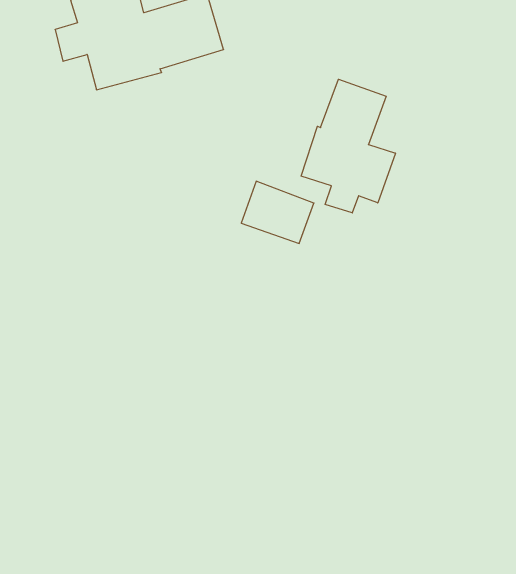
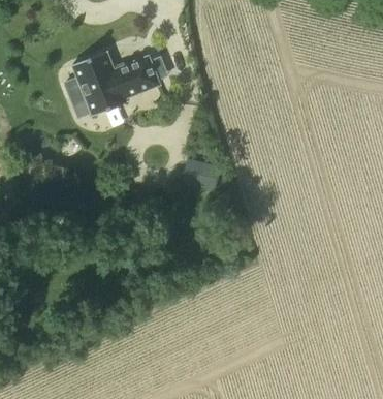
building: [301,79,395,213] -> none

